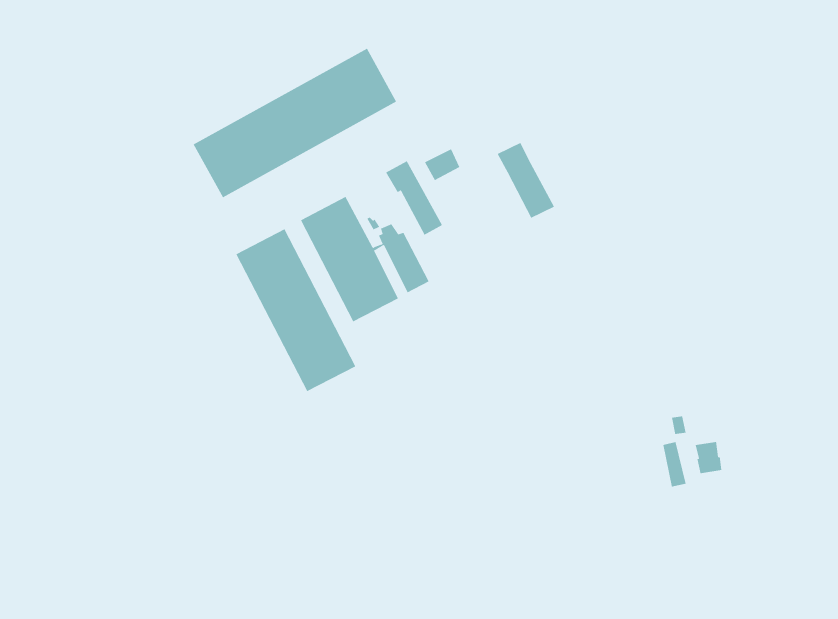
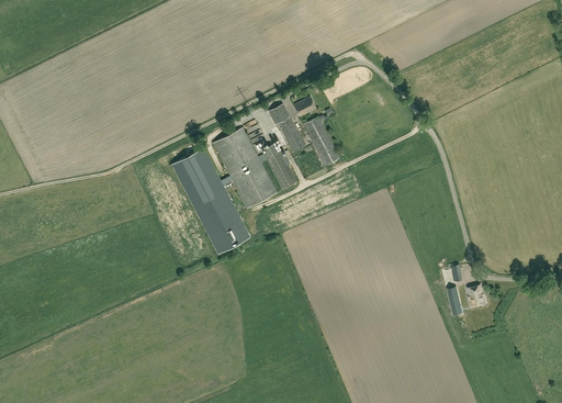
building: [193,48,397,198] -> none
building: [497,142,555,219] -> [303,116,340,166]

